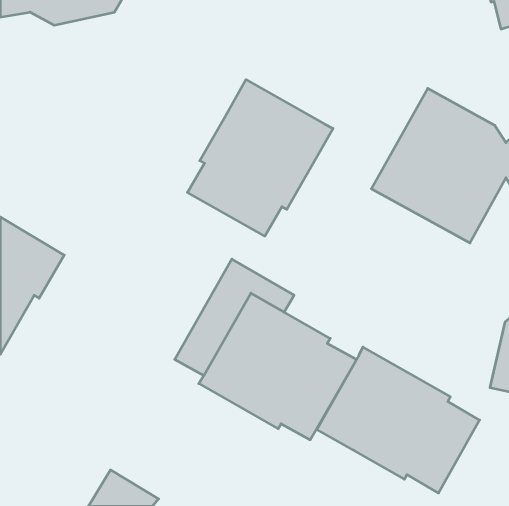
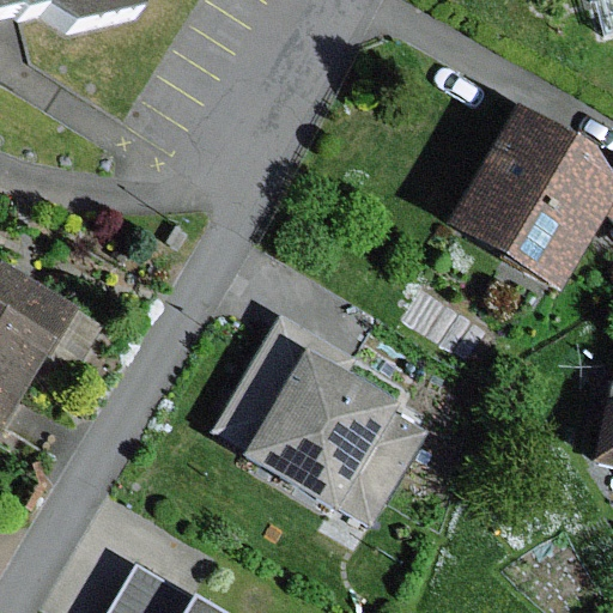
building: [187,80,333,236] -> none
building: [317,347,480,493] -> none

